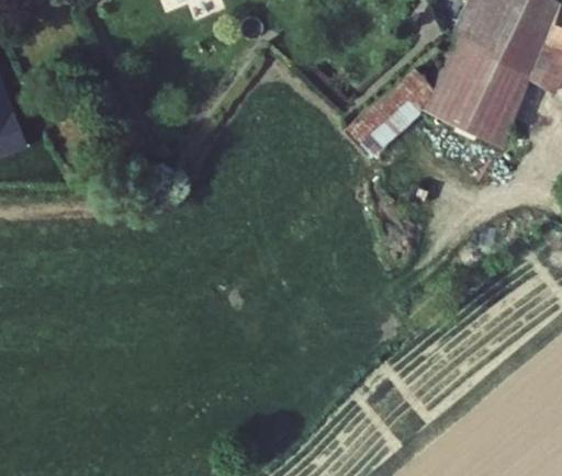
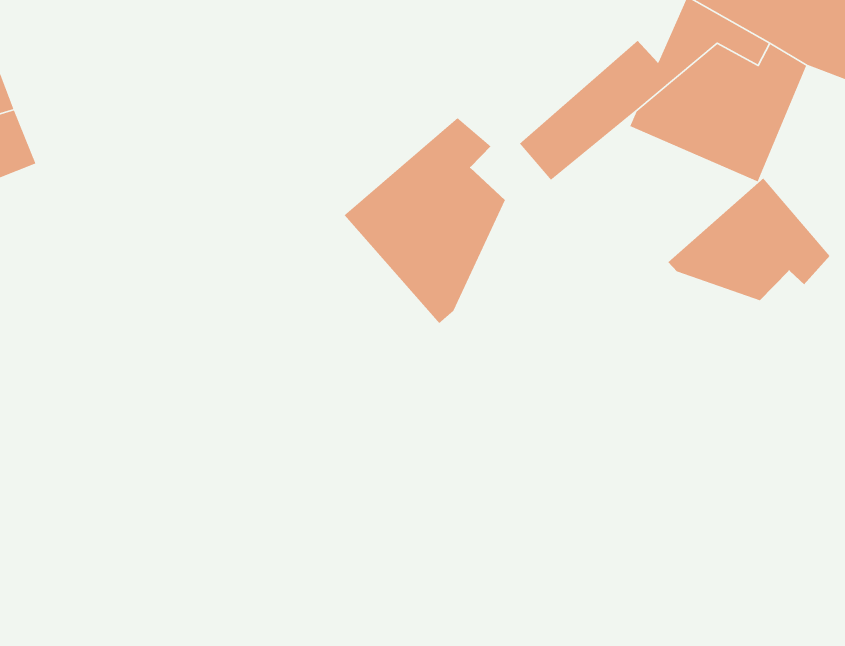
building: none -> [343,117,506,324]
building: none -> [668,178,831,301]

